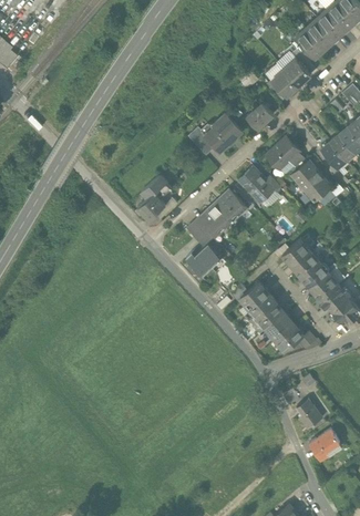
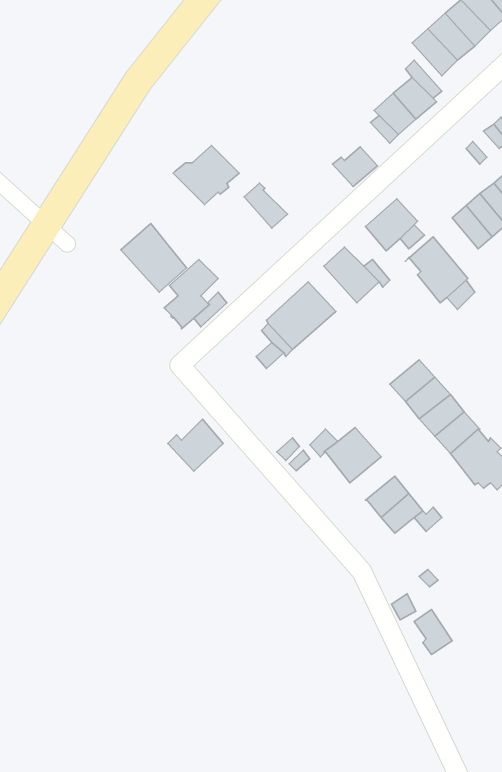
building: [200,113,243,151] -> [173,145,239,204]
building: none -> [121,223,187,292]
building: [186,242,222,276] -> [168,419,223,471]
building: [250,301,285,334] -> none
building: [309,429,339,460] -> none

